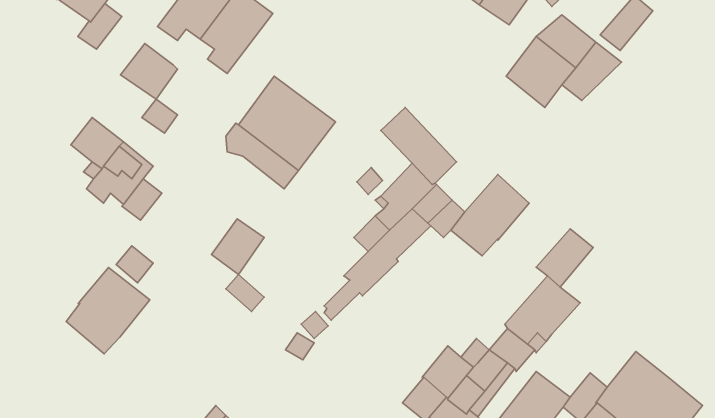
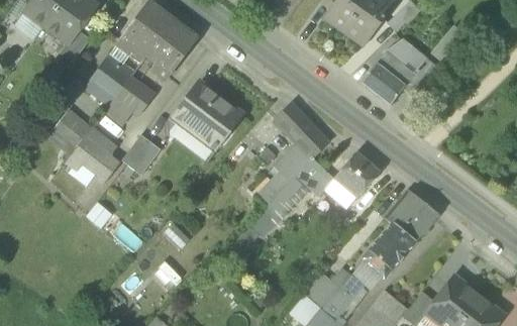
building: none -> [115,76,154,114]
building: [212,219,264,274] -> [123,135,161,175]
building: none -> [402,202,439,241]
building: [66,267,150,354] -> none

